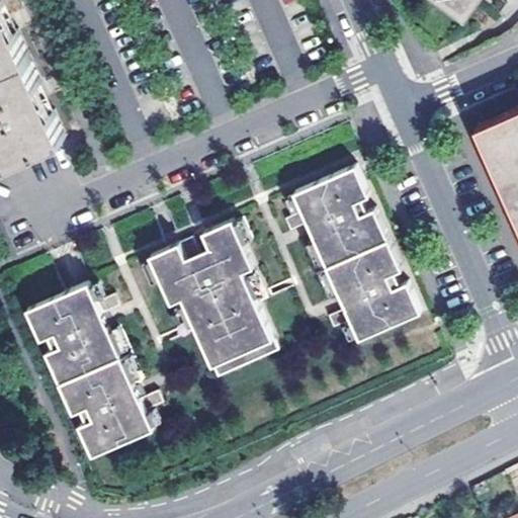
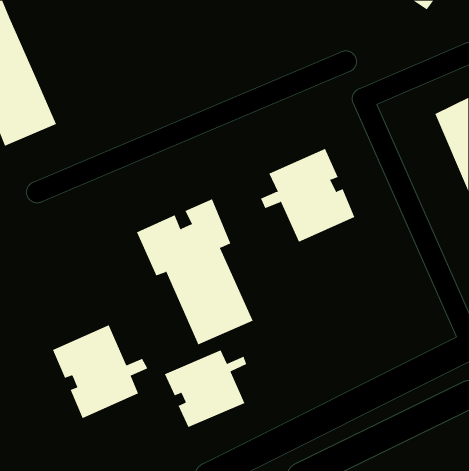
building: [324,242,418,342] -> none
building: [24,285,118,385] -> none
building: none -> [164,349,247,428]

